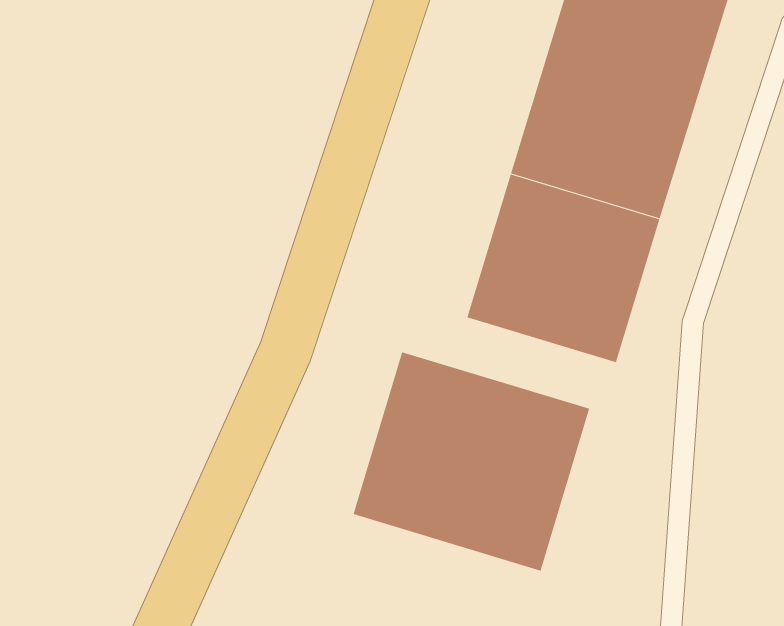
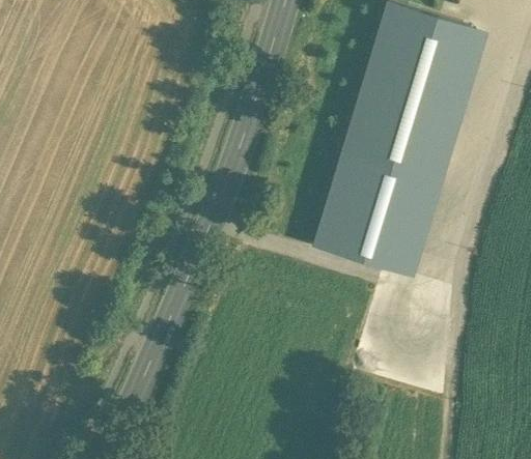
building: [353,351,590,571] -> none

